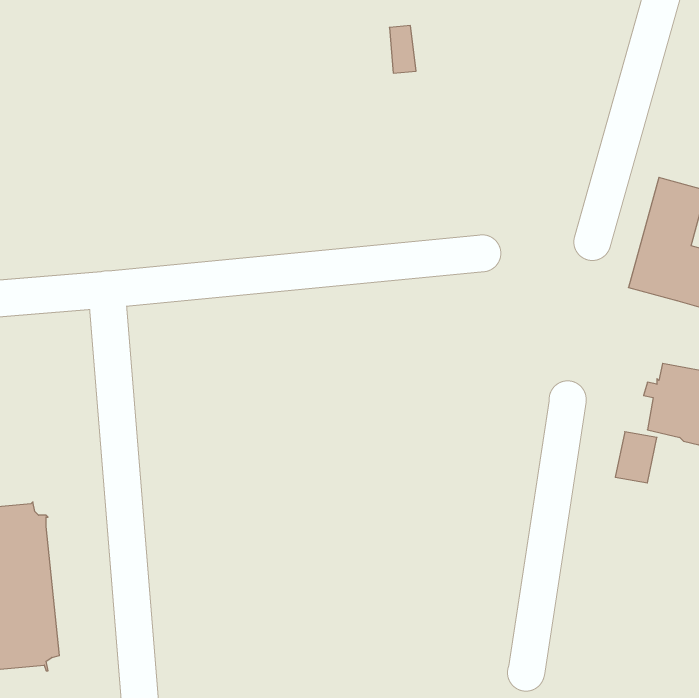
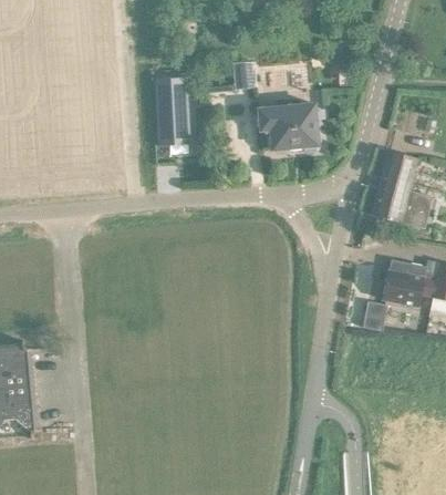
building: none -> [153,78,188,146]
building: none -> [258,103,319,149]

